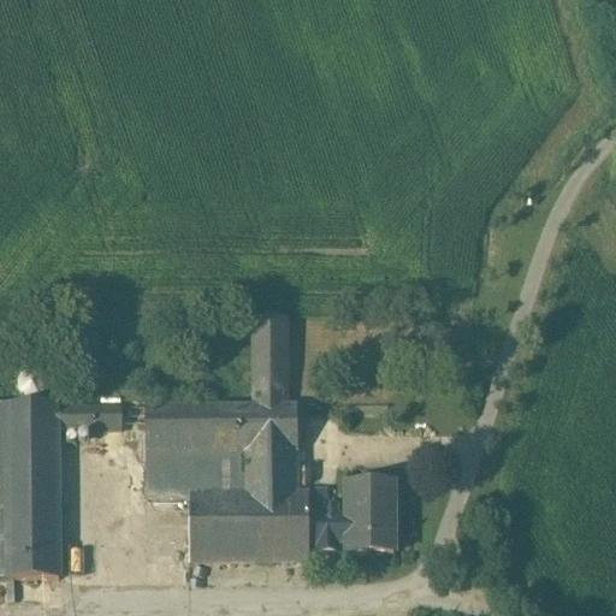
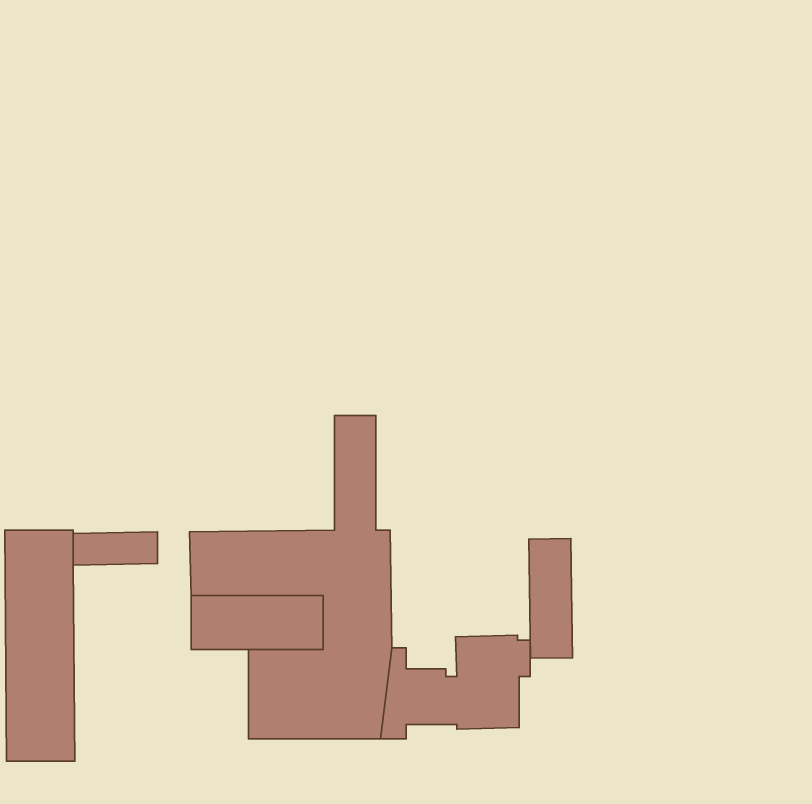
building: none -> [529,539,572,658]

